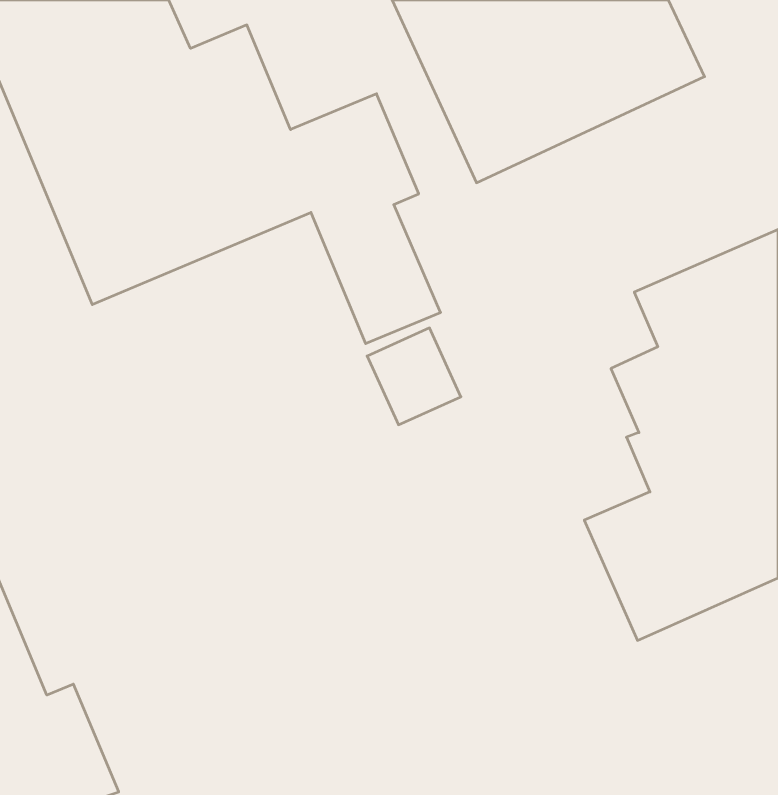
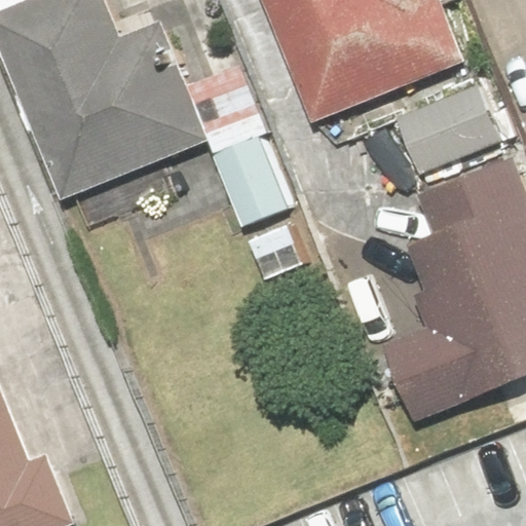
building: none -> [391,82,500,176]

